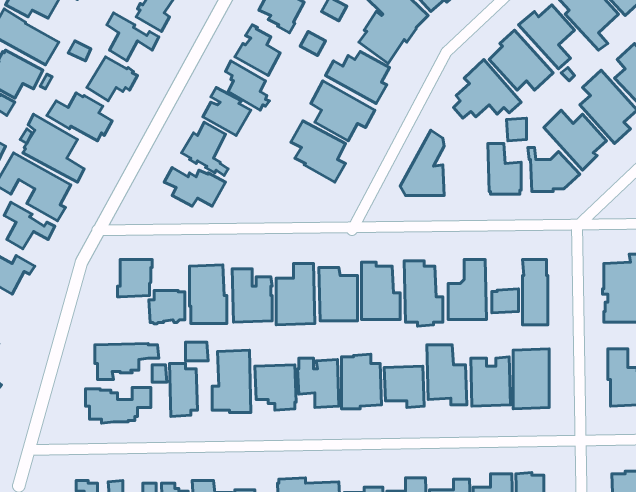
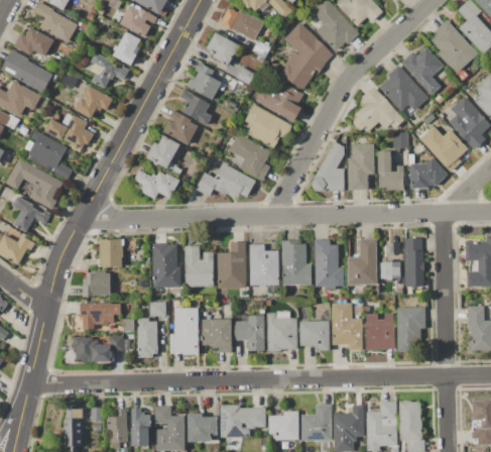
building: none -> [347,136,374,191]
building: none -> [196,163,255,199]
building: [149,290,185,324] -> [83,272,110,298]

